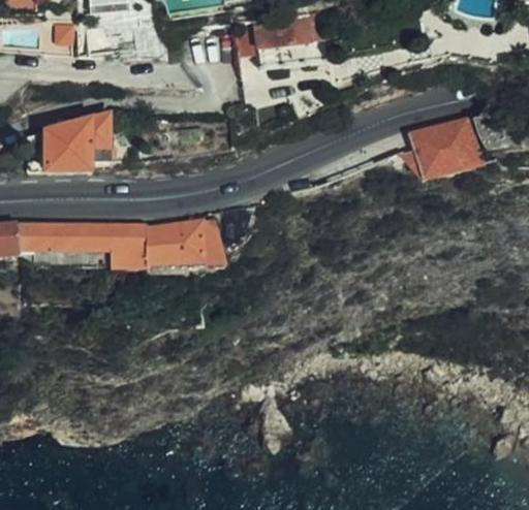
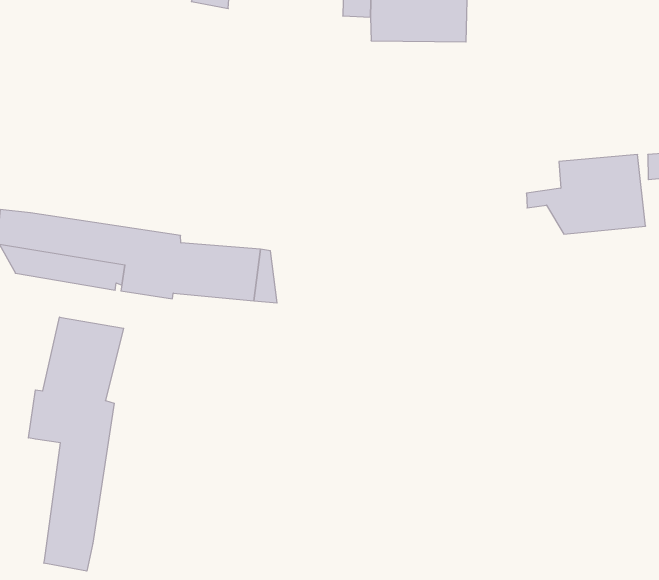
building: [34,110,117,170] -> none
building: none -> [28,317,124,571]

